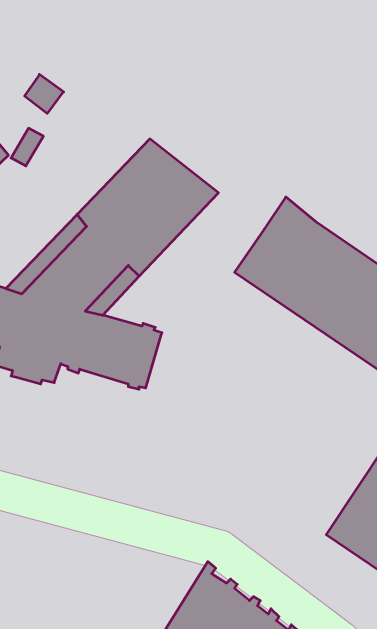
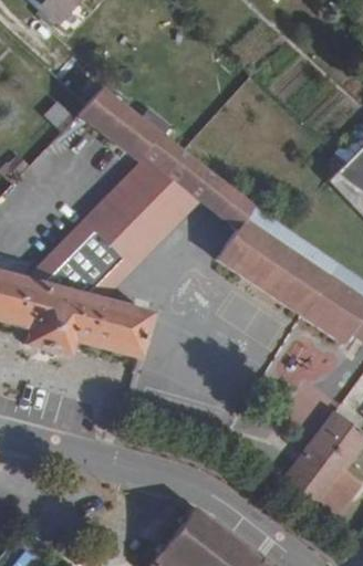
building: none -> [77,82,256,229]

